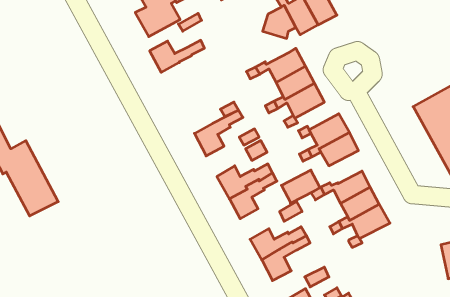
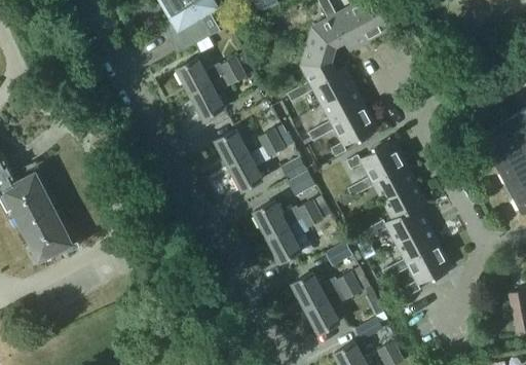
building: none -> [300,46,336,84]
building: none -> [190,66,245,117]
building: none -> [215,129,249,163]
building: [281,170,320,203] -> [382,183,426,221]

